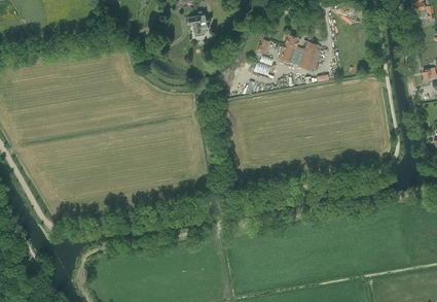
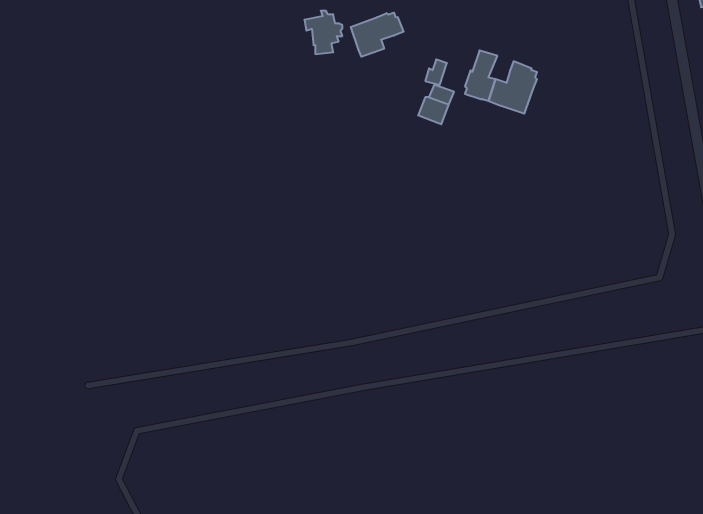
building: none -> [351,13,404,57]

